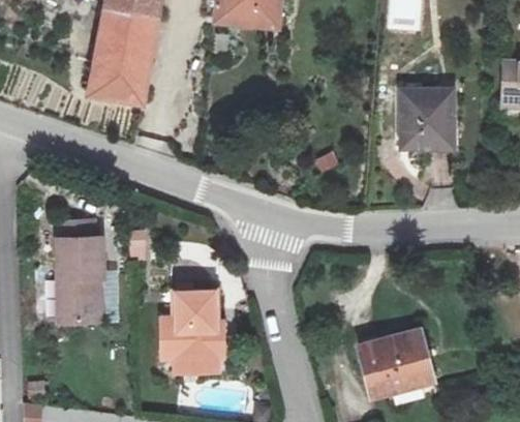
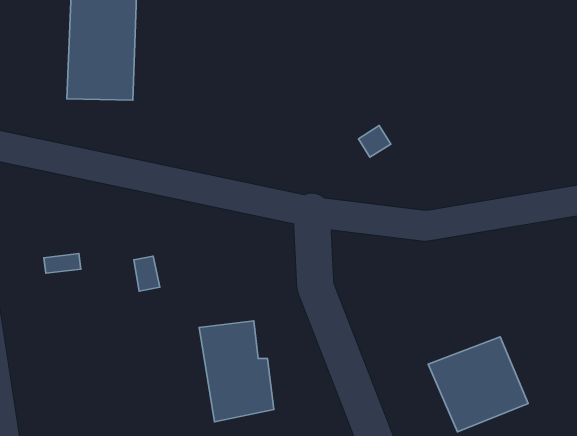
building: [412,96,465,156] -> none
building: [58,243,100,322] -> none

